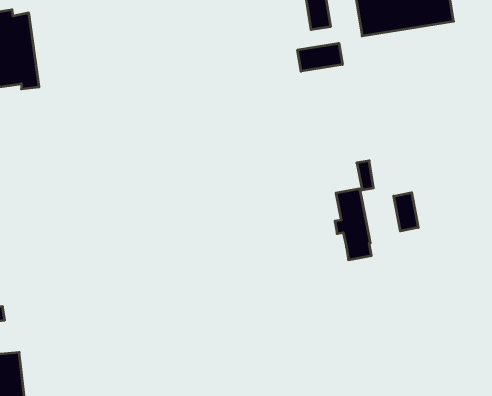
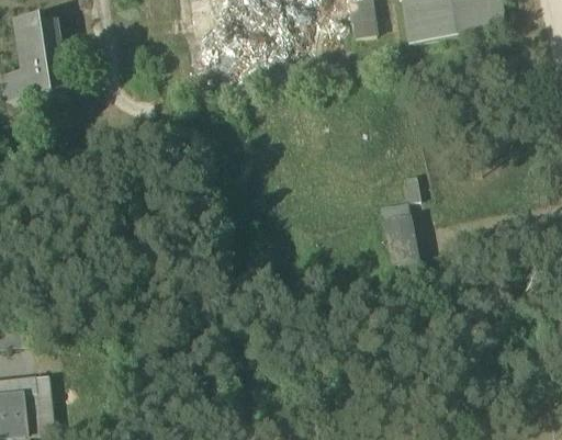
building: [298,43,342,71] -> none
building: [394,193,418,231] -> none

